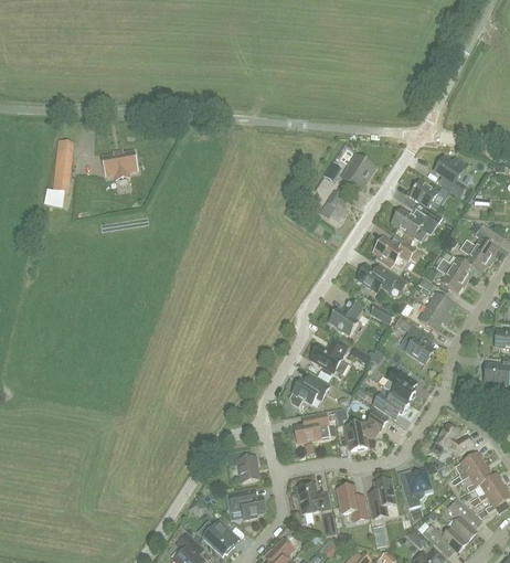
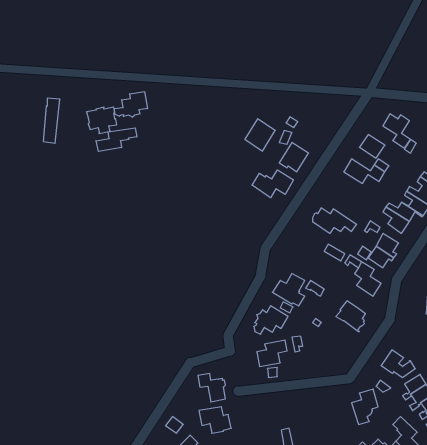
building: none -> [115,92,147,117]
building: [341,152,375,189] -> [245,119,275,151]
building: none -> [96,128,137,151]
building: none -> [252,170,293,198]
building: [374,236,415,267] -> none
building: [328,299,361,334] -> none
building: [373,390,408,417] -> none
building: [344,410,387,449] -> none
building: [368,478,394,517] -> none
building: [298,481,330,512] -> none
building: [337,485,368,520] -> none

